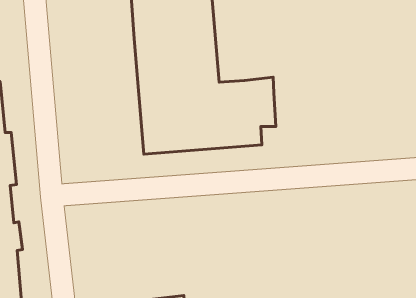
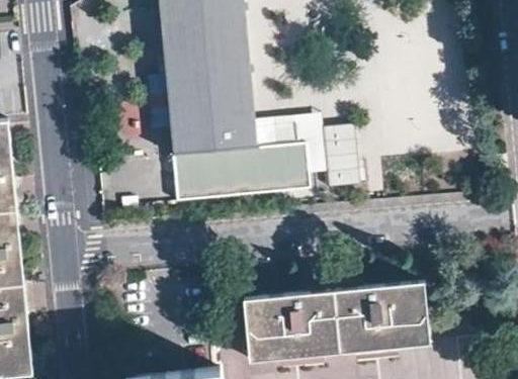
building: none -> [324,129,358,192]
building: none -> [243,281,428,364]

